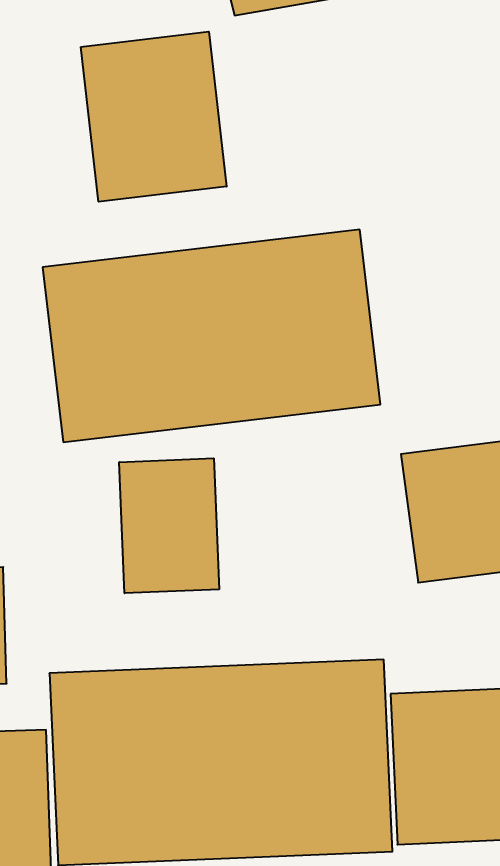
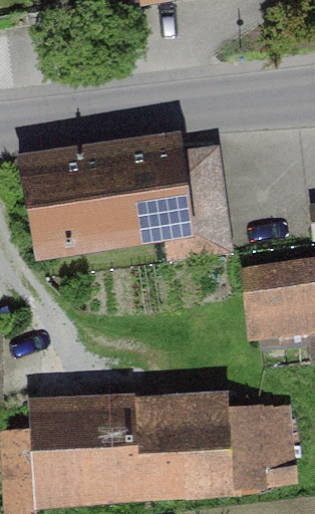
building: [81,32,227,202] -> none
building: [119,458,219,593] -> none

